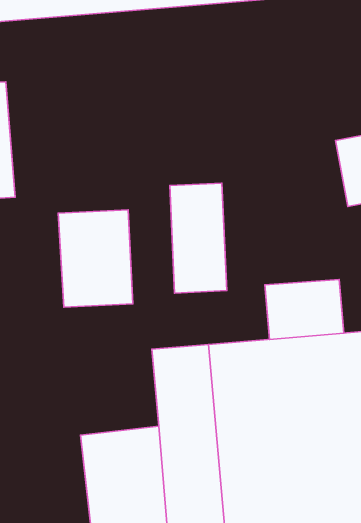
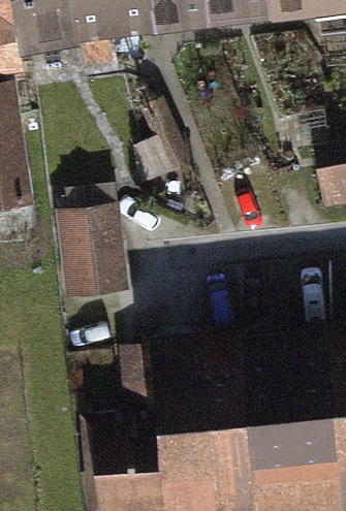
building: [170,183,227,293] -> none
building: [265,279,344,339] -> none

